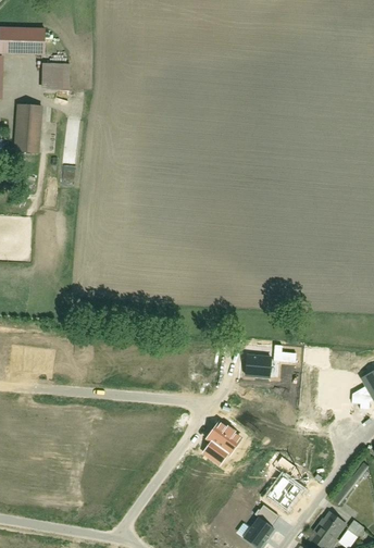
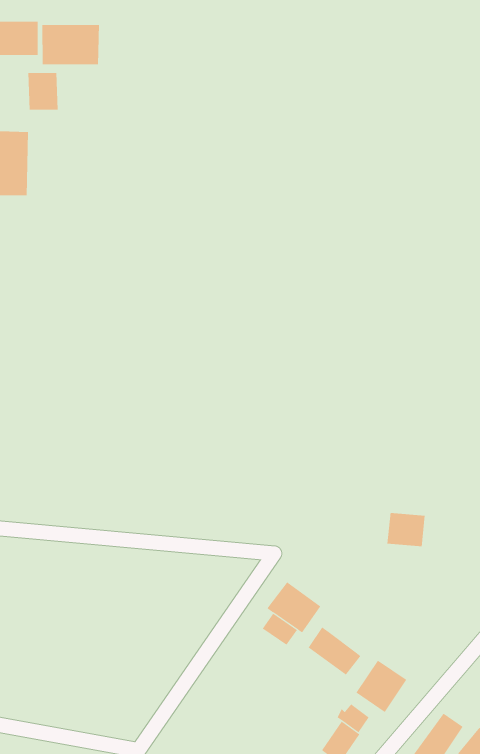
building: none -> [42,24,99,65]
building: [246,351,273,375] -> [387,513,426,547]
building: none -> [308,627,361,675]

